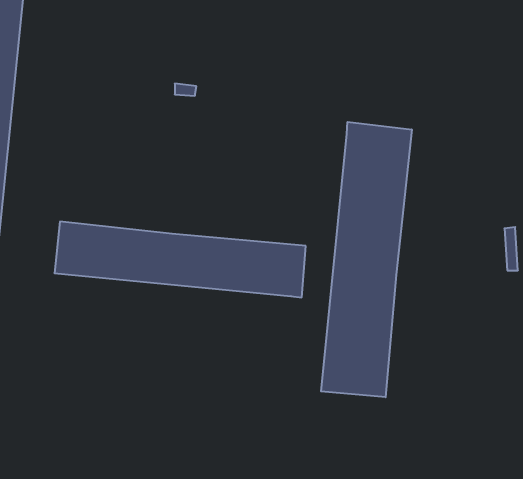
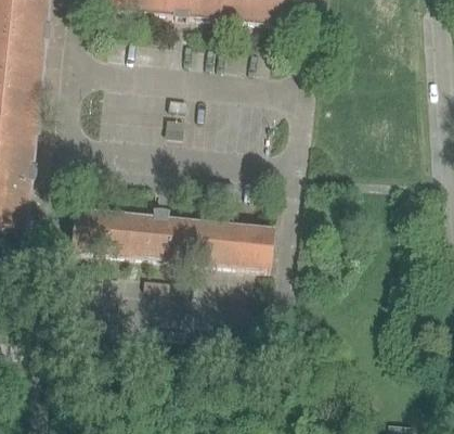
building: [321,122,412,397] -> none

